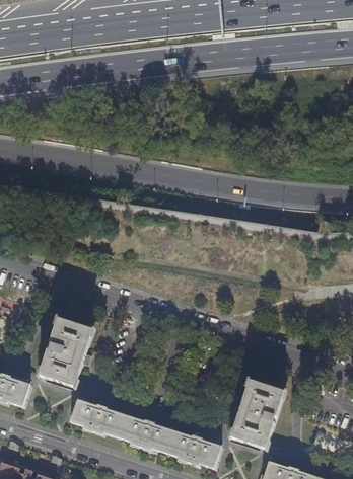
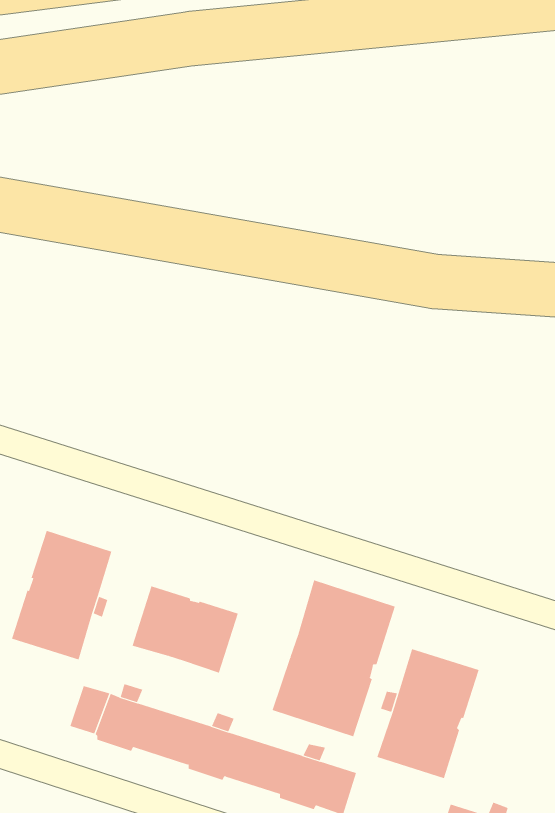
building: none -> [272,579,396,737]
building: none -> [132,586,239,673]

